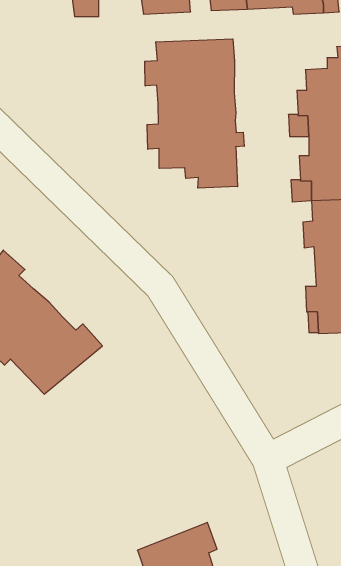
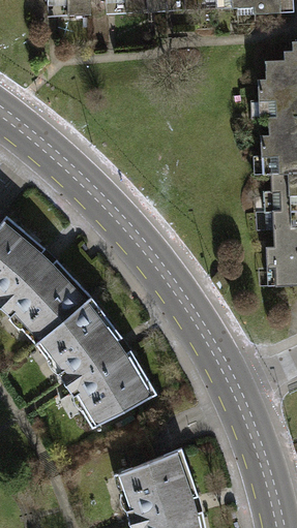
building: [145,39,244,188] -> none
building: none -> [41,297,156,424]

